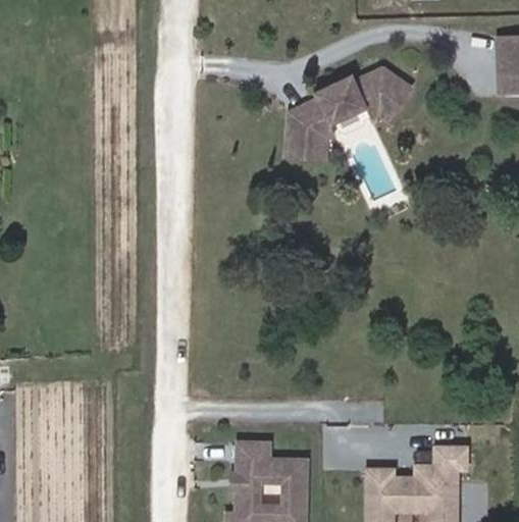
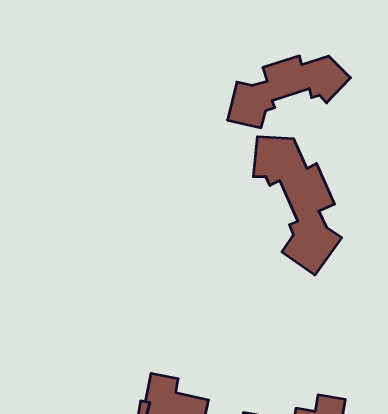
building: none -> [253,137,342,275]

